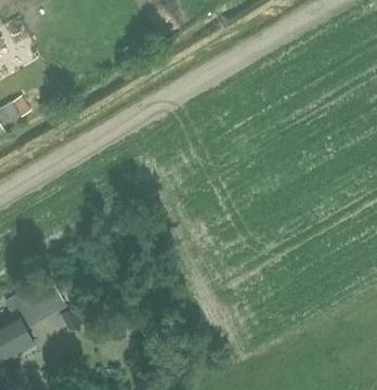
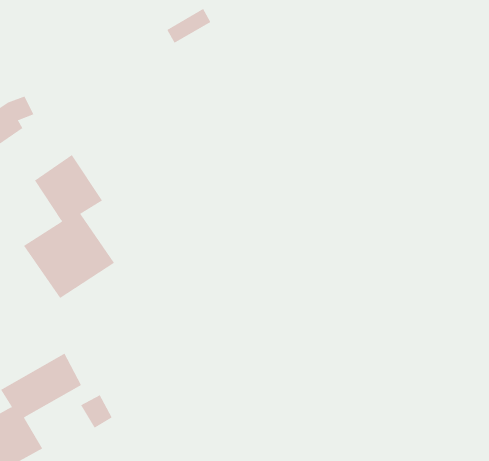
building: none -> [23,154,115,299]

